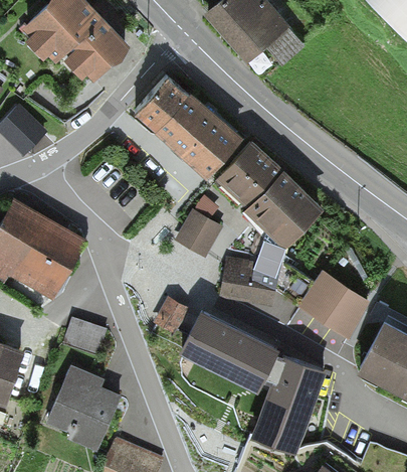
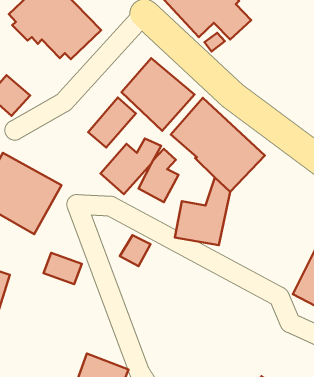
building: [134,70,190,130] -> [88,97,136,147]
building: none -> [100,139,161,194]
building: [297,272,368,343] -> none
building: [179,306,327,454] -> none
building: [48,369,120,456] -> none

